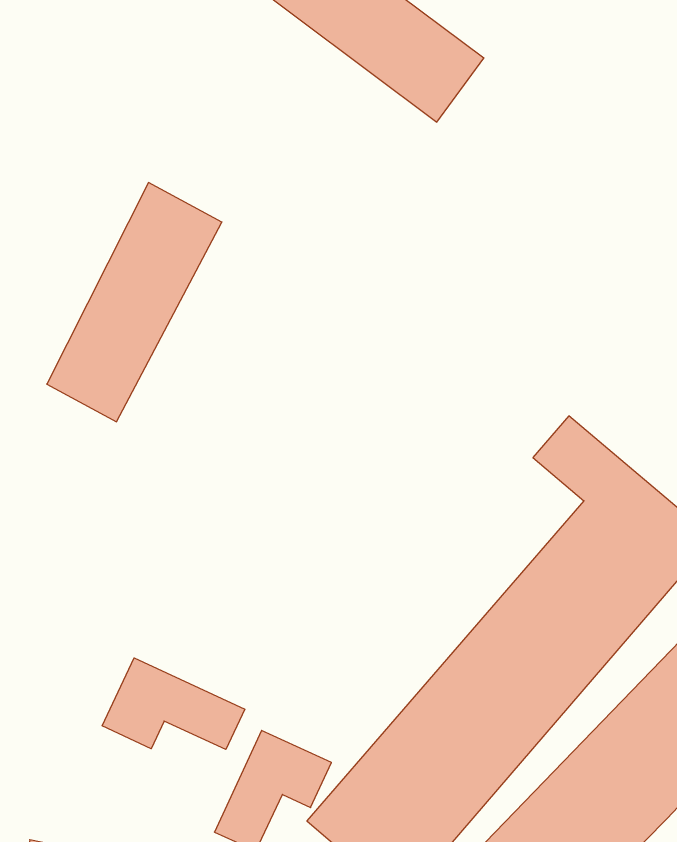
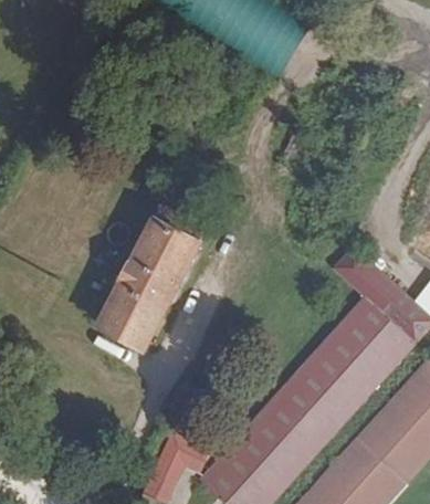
building: [47,183,222,422] -> [102,202,204,343]
building: [102,658,245,749] -> none

